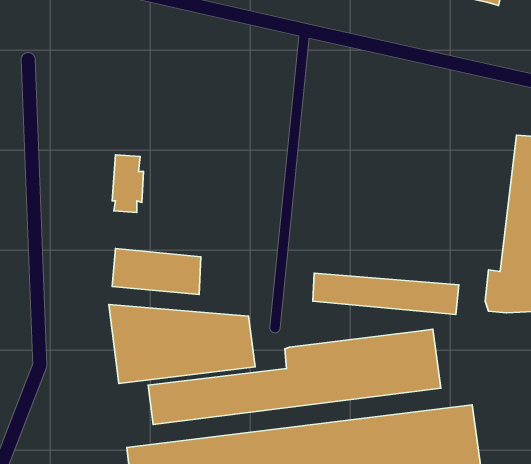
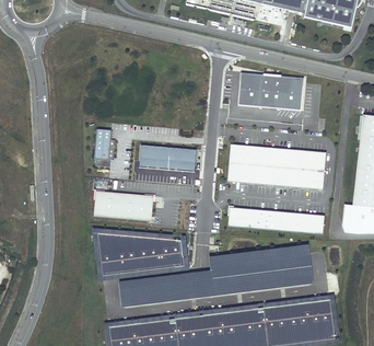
building: none -> [238,72,303,109]
building: none -> [226,143,326,189]
building: none -> [140,145,196,172]

